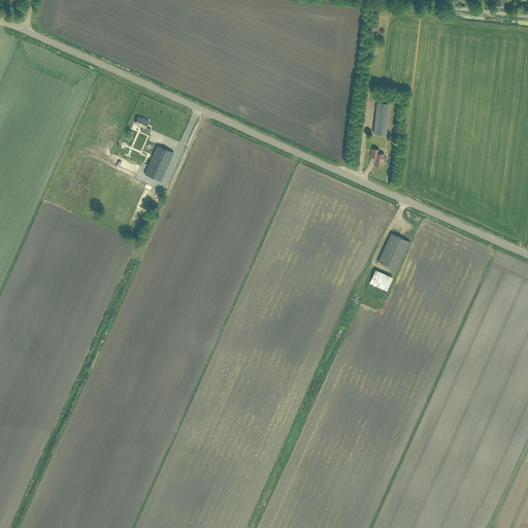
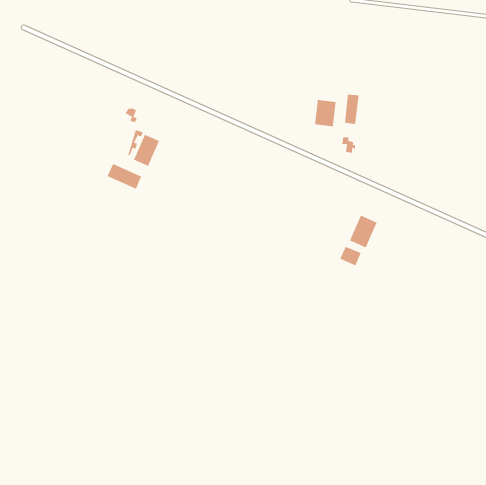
building: none -> [314,99,336,127]
building: none -> [107,163,142,190]

